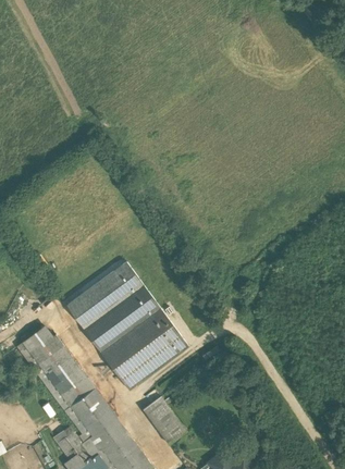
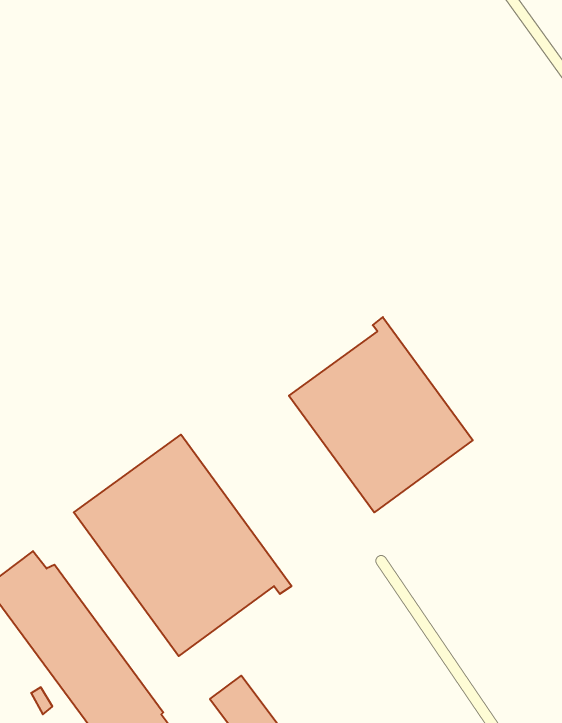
building: none -> [289,317,473,512]

